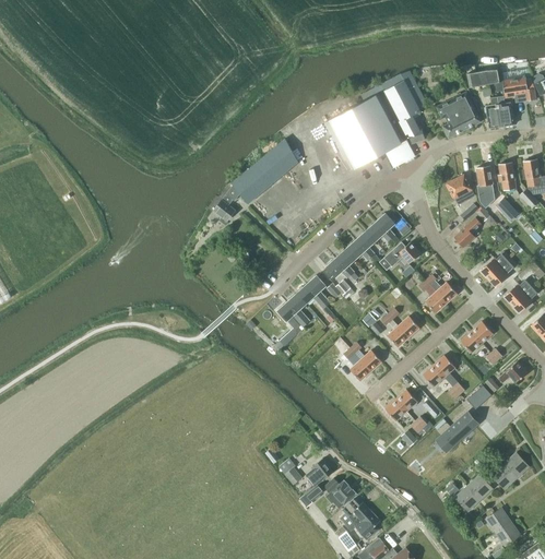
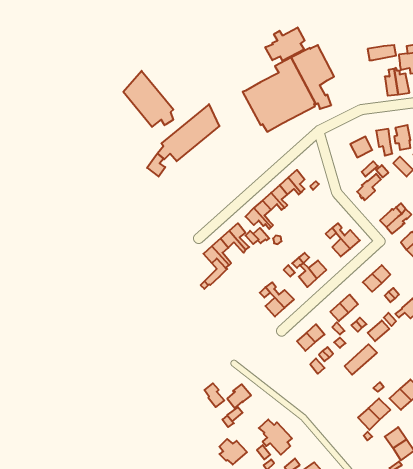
building: none -> [265,27,305,61]
building: [436,92,482,138] -> none
building: none -> [123,71,173,127]
building: [379,241,420,271] -> none
building: [324,478,356,508] -> [219,439,247,465]

